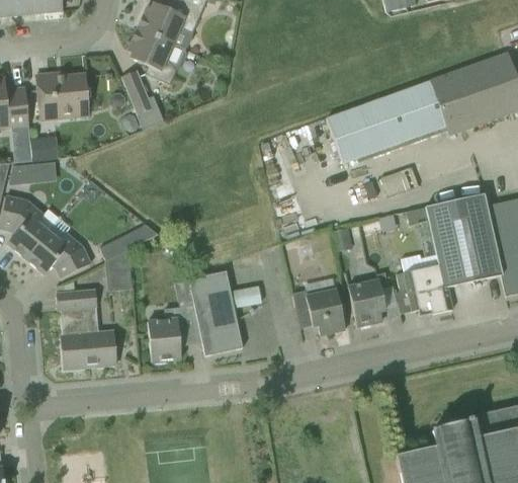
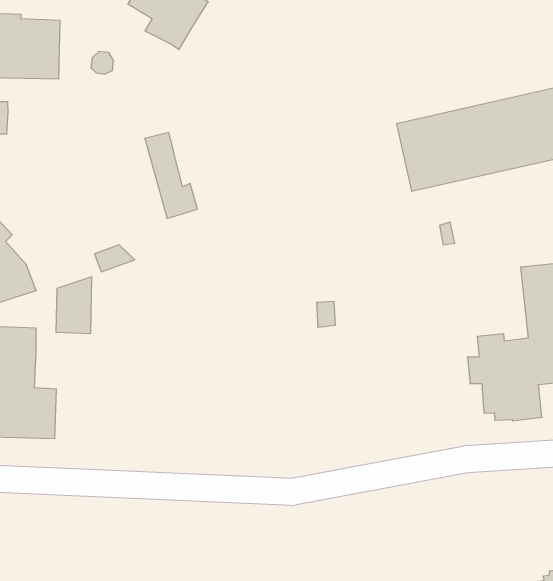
building: [121,70,164,130] -> [145,133,197,218]
building: [148,270,243,364] -> none
building: [348,272,390,326] -> none
building: [292,289,345,334] -> none

